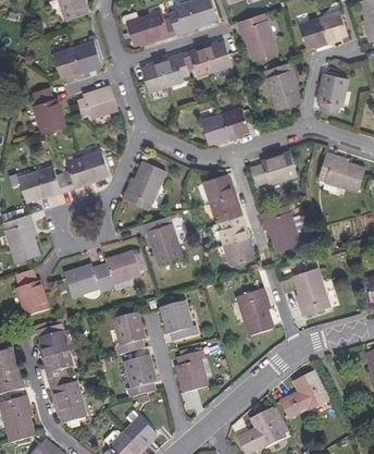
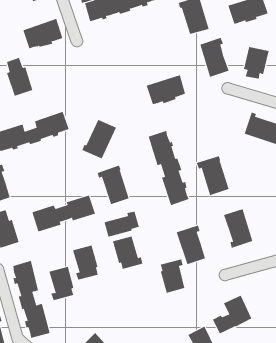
building: [140,42,232,93] -> none
building: [77,86,117,119] -> none
building: [250,151,297,185] -> none
building: none -> [104,211,140,238]
building: [176,351,207,392] -> [160,259,185,294]
building: [124,355,154,396] -> [49,266,74,301]

